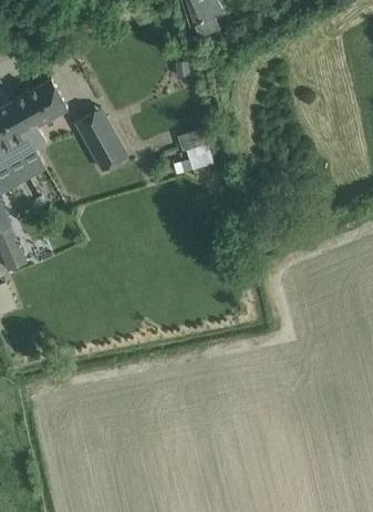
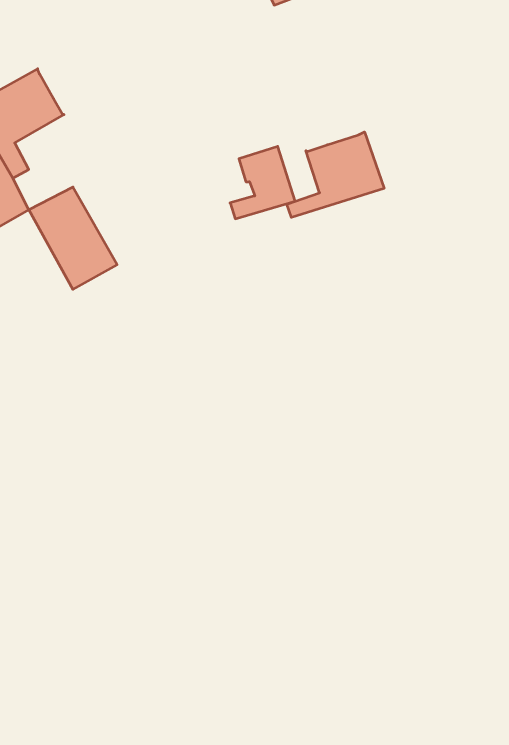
building: [73,106,128,171] -> [29,187,117,289]
building: none -> [287,132,384,217]

